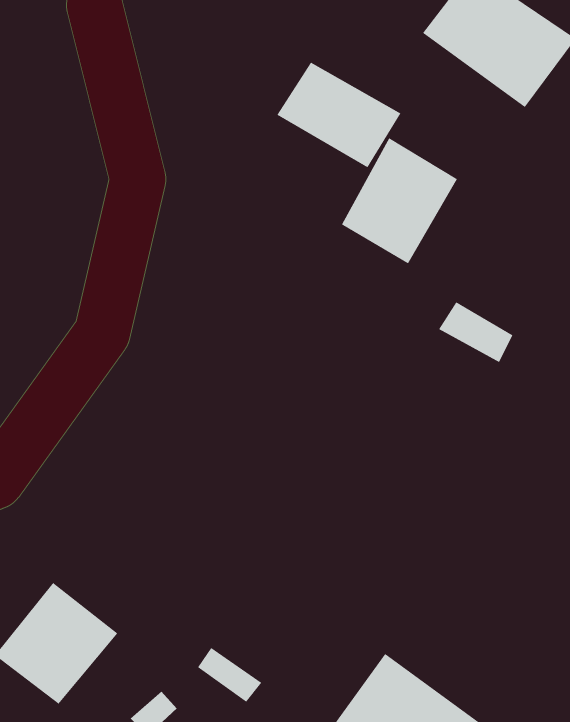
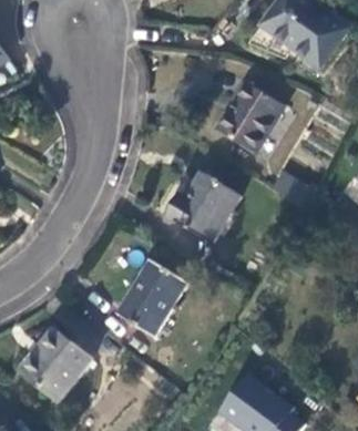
building: [276,62,401,168] -> none
building: none -> [166,173,241,242]
building: none -> [120,260,187,335]

